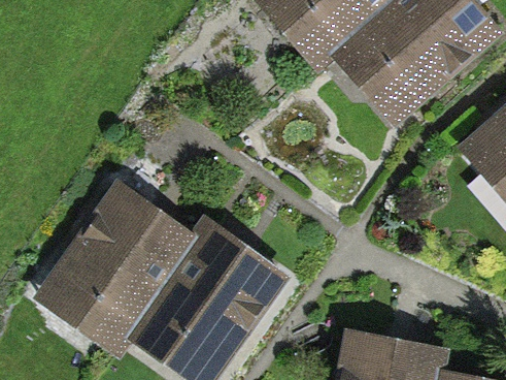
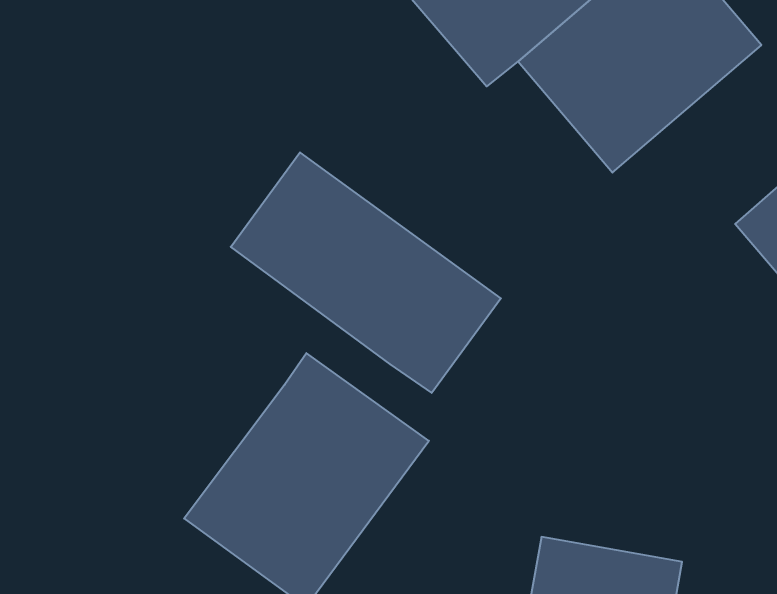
building: none -> [231,152,501,393]
building: [38,191,187,346] -> none

